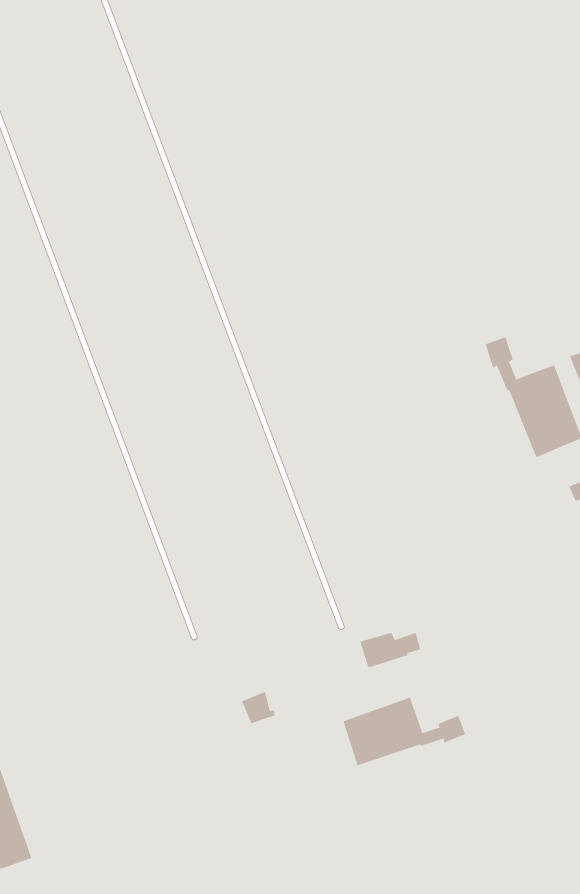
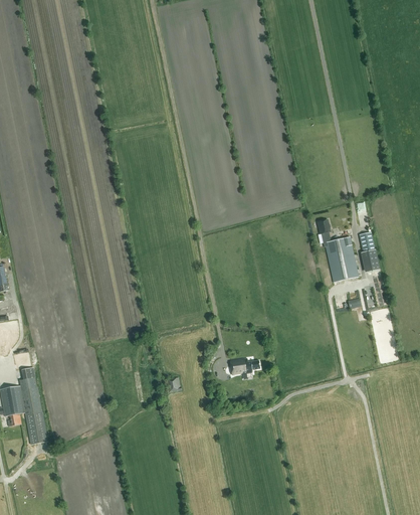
building: [343,697,466,766] -> none

